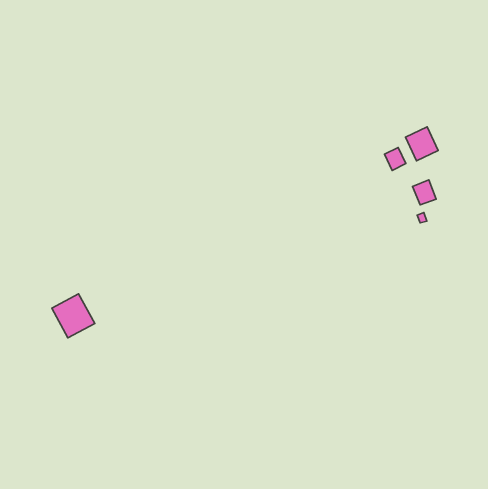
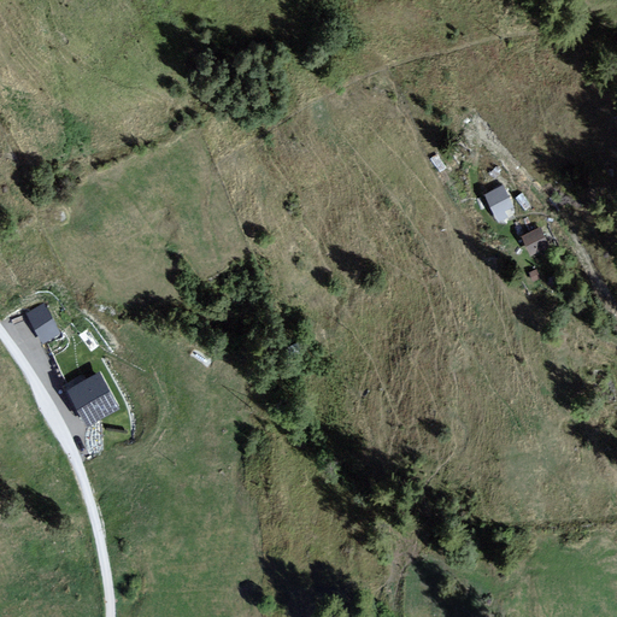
building: [406,127,438,161] -> none
building: none -> [27,302,60,342]

